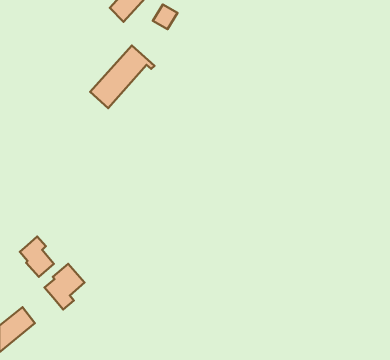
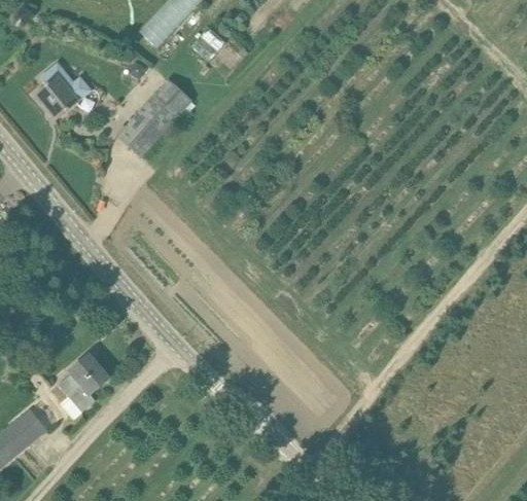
building: none -> [35,63,91,117]
building: [20,237,54,277] -> none

